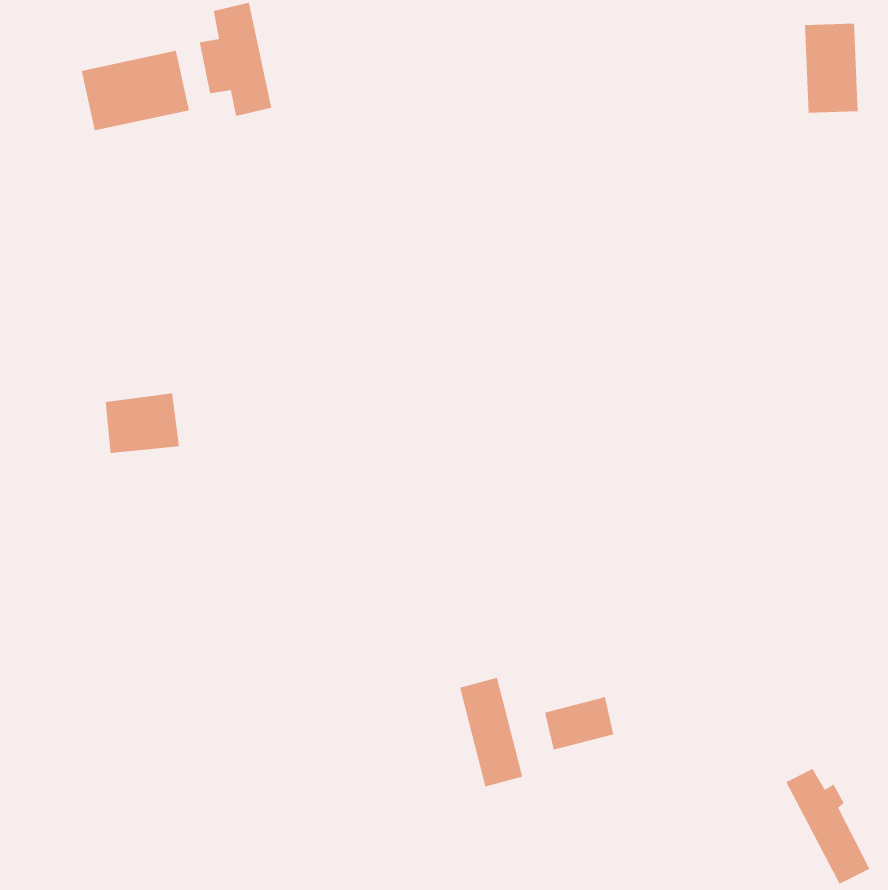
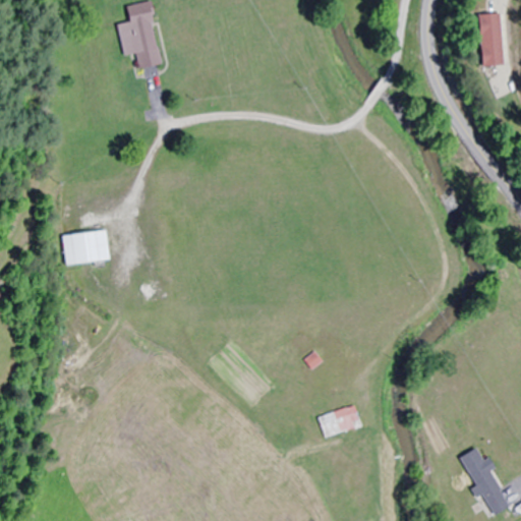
building: [81,50,190,131] -> none
building: [459,677,523,787] -> none

